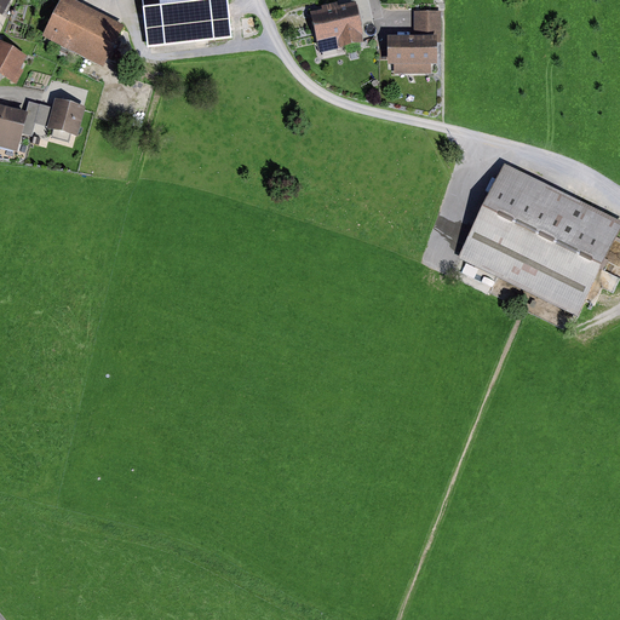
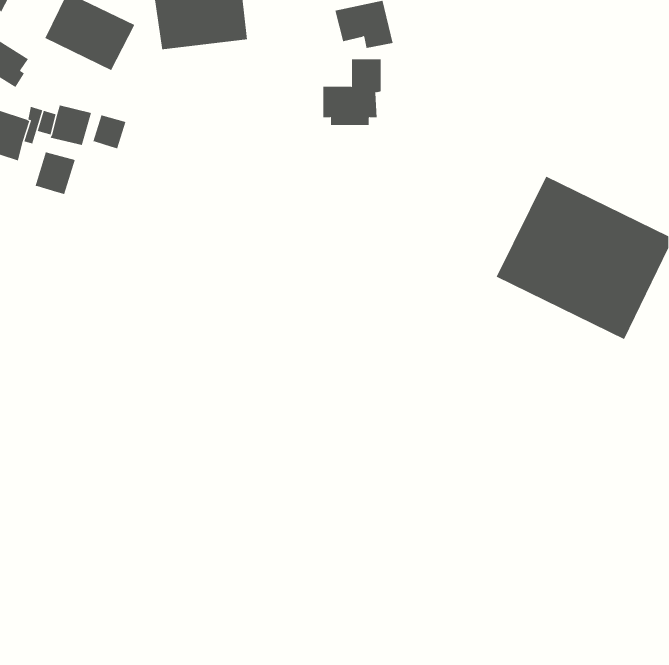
building: [386,8,441,70] -> [322,59,381,126]
building: none -> [93,115,126,149]
building: none -> [35,151,75,195]

